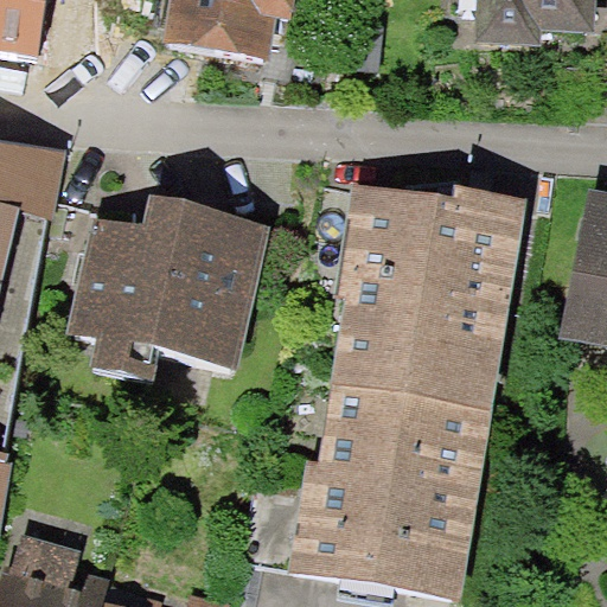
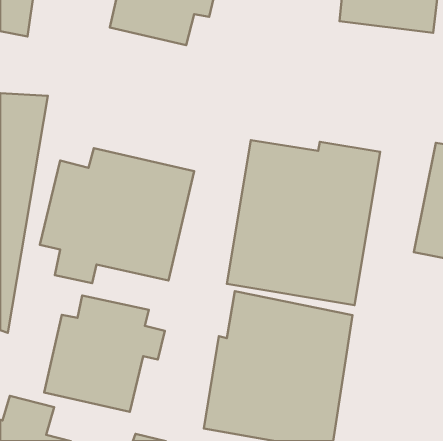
building: none -> [44,295,165,412]

